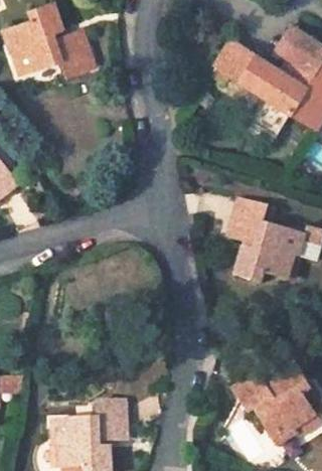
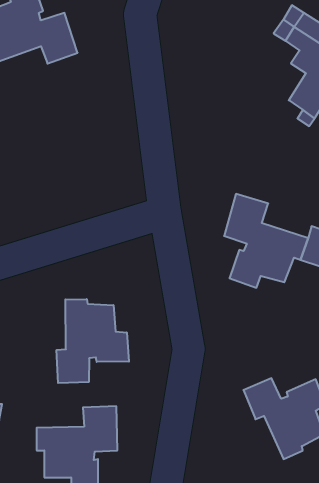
building: [210,34,303,136] -> none
building: none -> [57,299,129,383]

